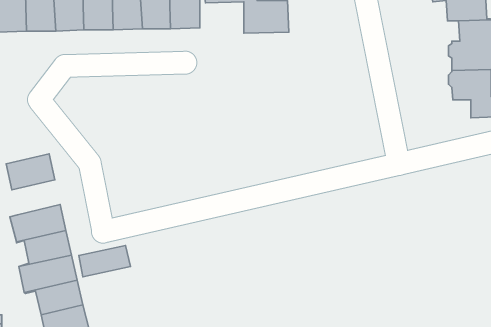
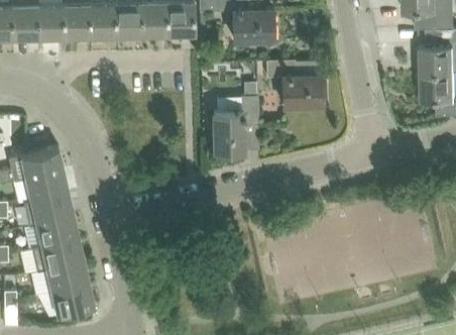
building: none -> [266,62,323,106]
building: none -> [214,82,258,153]
building: none -> [25,172,69,203]
building: [79,246,131,277] -> none

